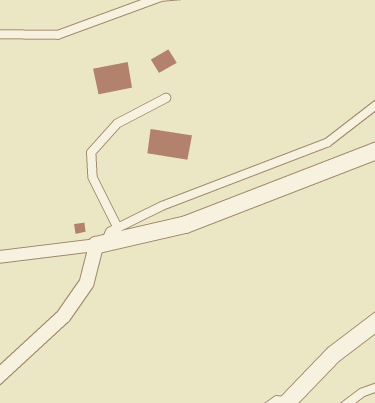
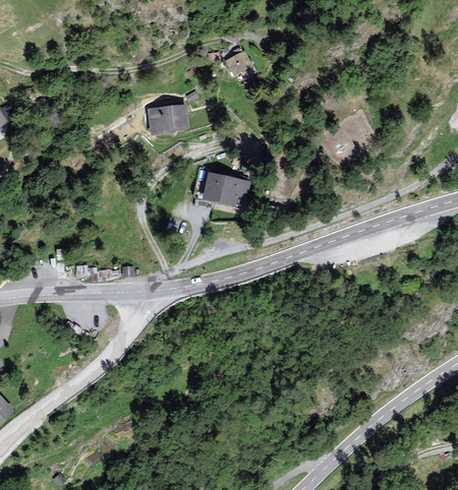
building: [150,49,178,74] -> [223,51,251,76]

